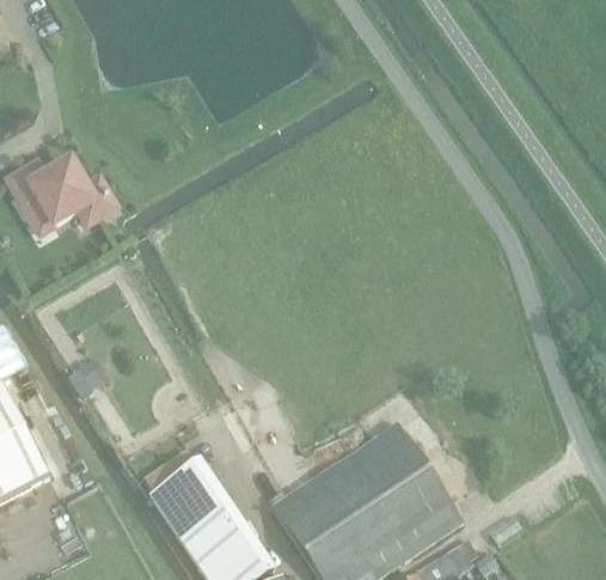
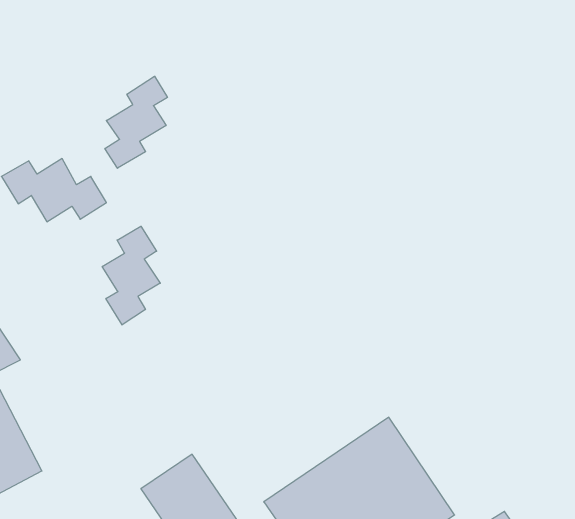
building: none -> [105,76,167,168]
building: none -> [102,226,160,325]

